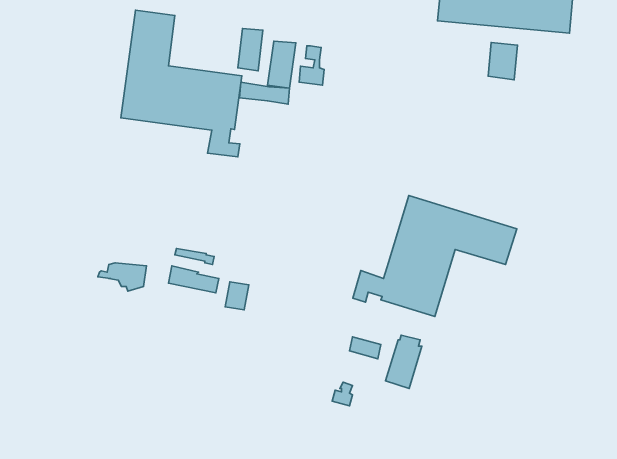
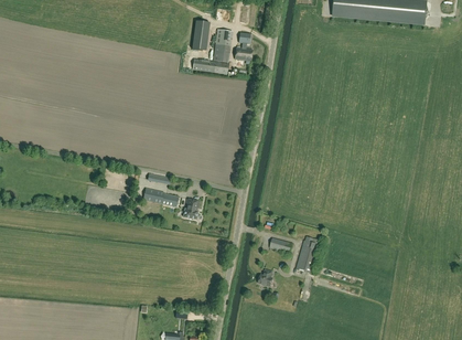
building: [121,10,242,157] -> none
building: [488,43,518,80] -> none
building: [353,196,517,316] -> none

